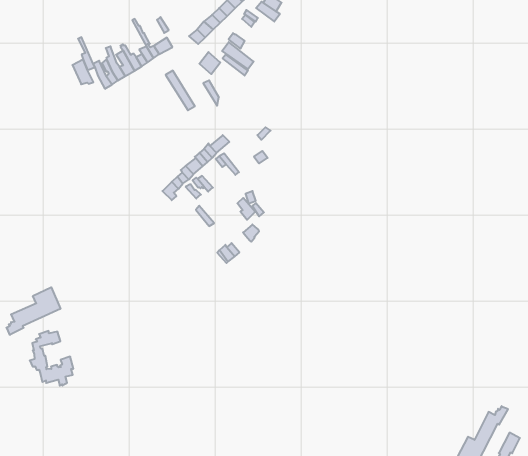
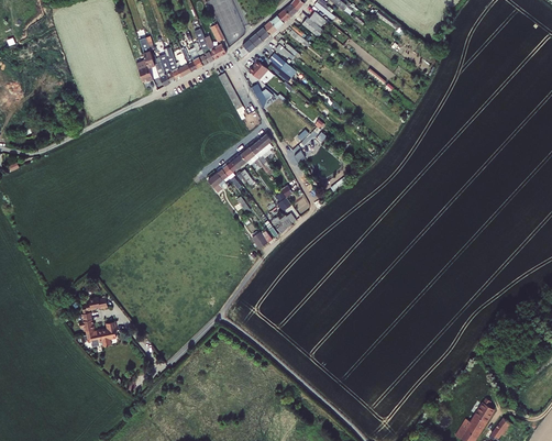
building: [6,287,60,335] -> none

